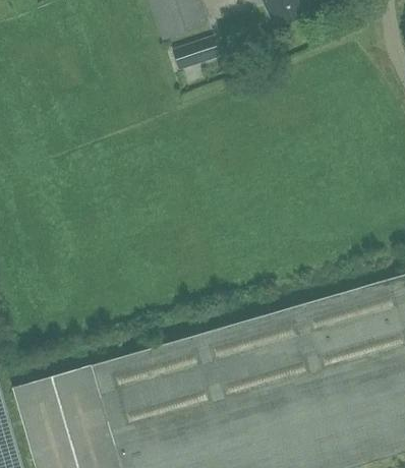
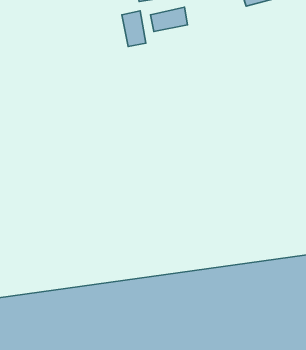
building: none -> [122,11,146,47]

